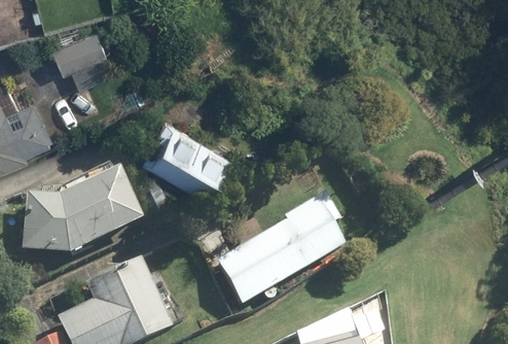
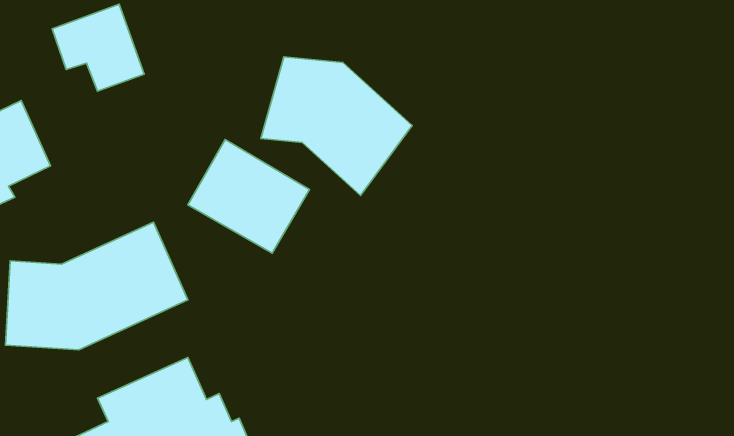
building: none -> [261,57,412,196]
building: [215,191,347,304] -> none

